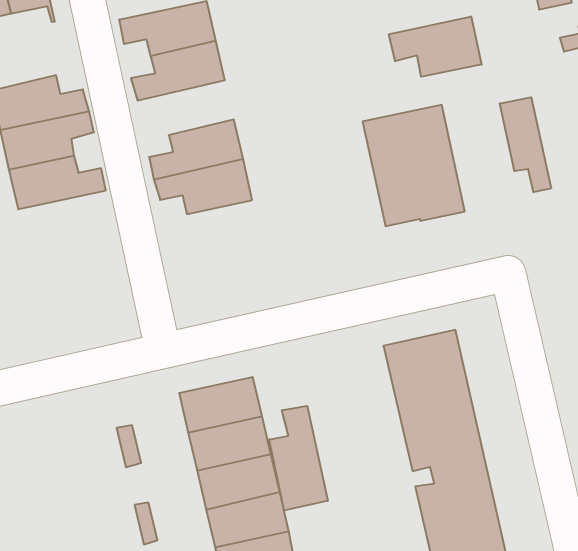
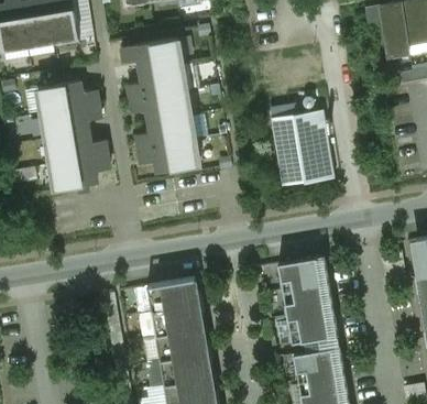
building: [389,16,482,77] -> none
building: none -> [129,89,189,122]
building: [500,97,551,192] -> none
building: none -> [50,155,109,190]
building: [269,406,328,510] -> none

